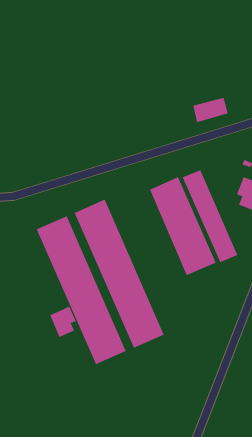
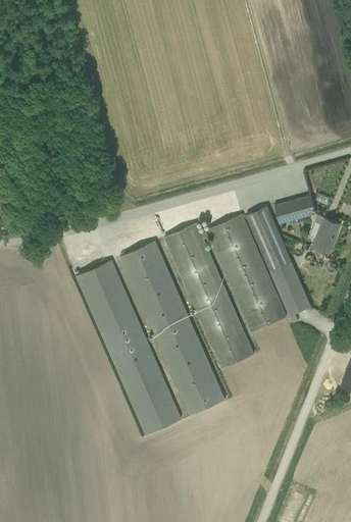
building: [192,97,229,123] -> [273,193,316,223]
building: none -> [162,222,253,369]
building: [49,306,76,338] -> none

